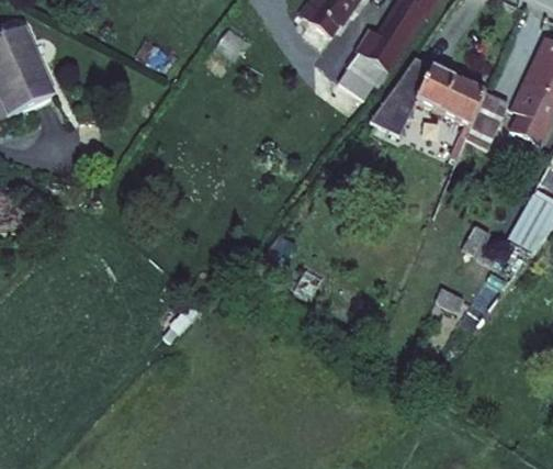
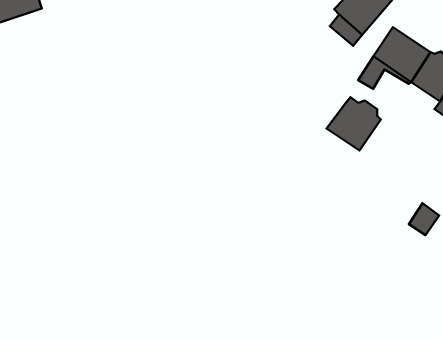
building: none -> [326,97,381,151]

